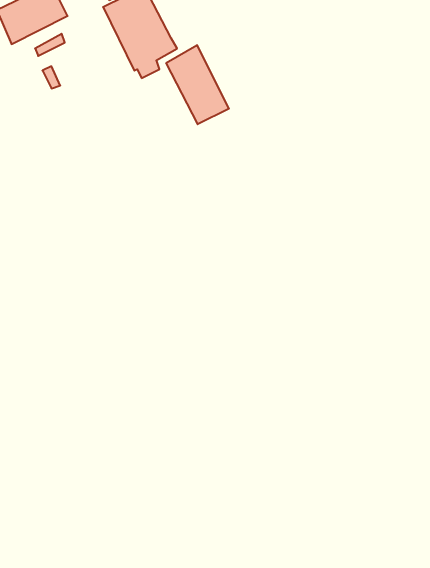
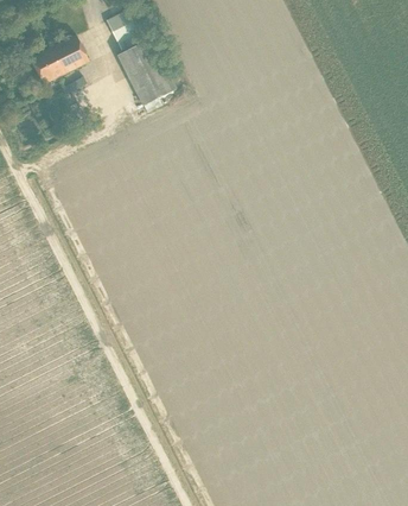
building: [166,45,229,124] -> none

